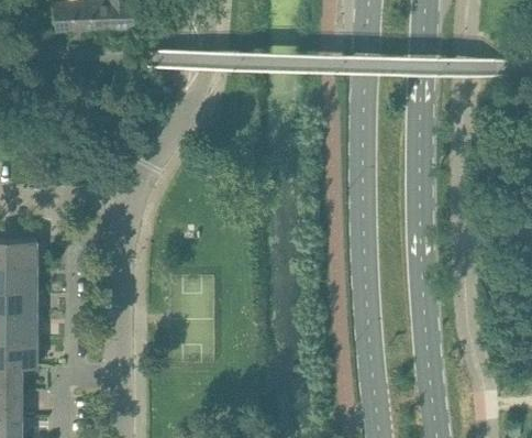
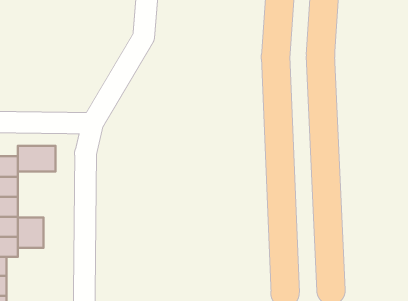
building: none -> [18,146,56,171]
building: none -> [18,217,43,248]

